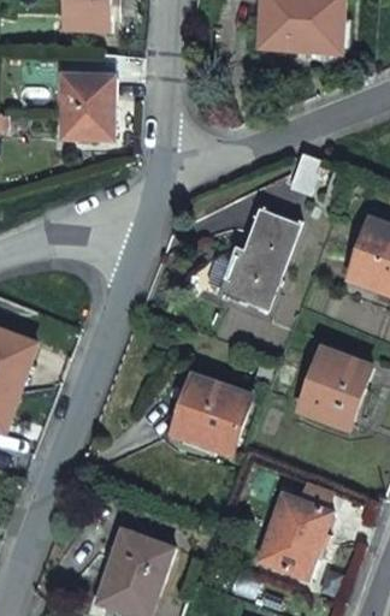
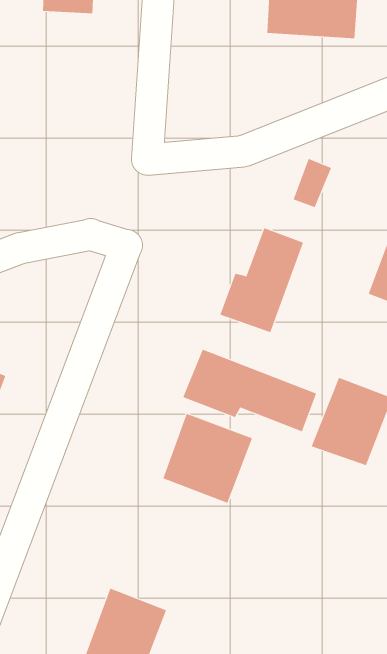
building: [63,75,117,138] -> none
building: none -> [183,349,317,432]
building: [259,490,331,571] -> none

